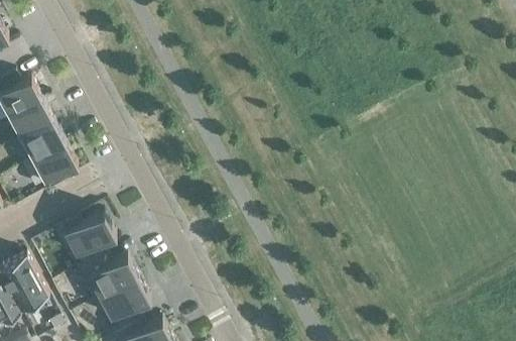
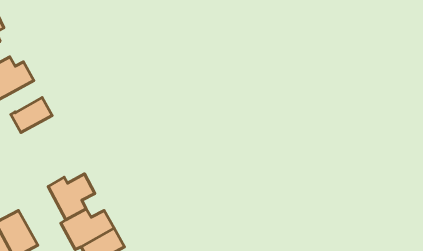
building: [10,104,53,142] -> none
building: [22,145,78,193] -> none

